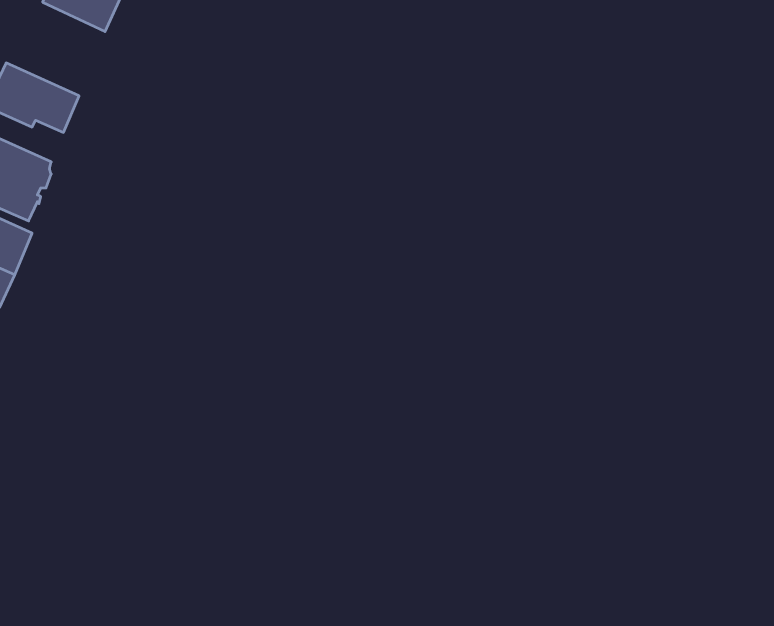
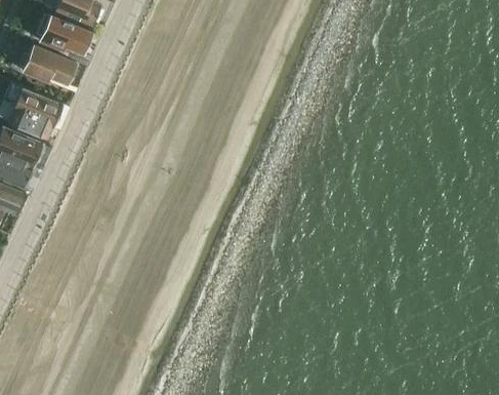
building: none -> [37,14,86,52]

